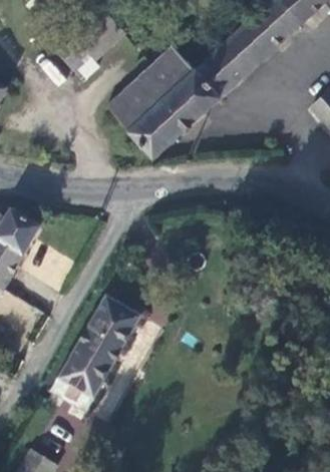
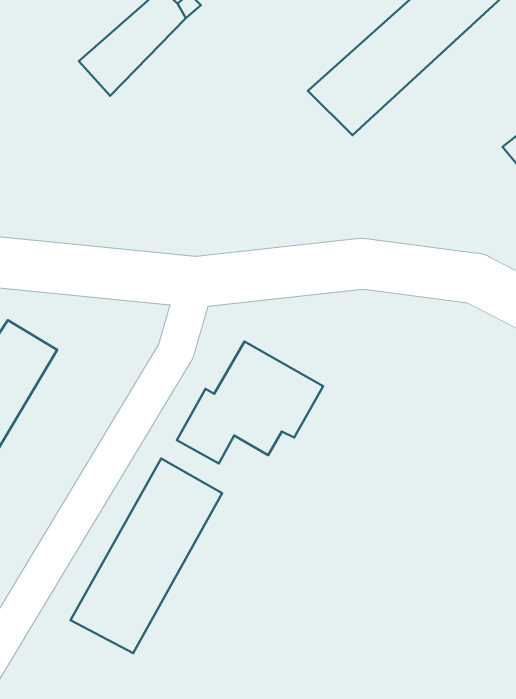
building: [105,44,223,158] -> none
building: none -> [177,342,323,464]

